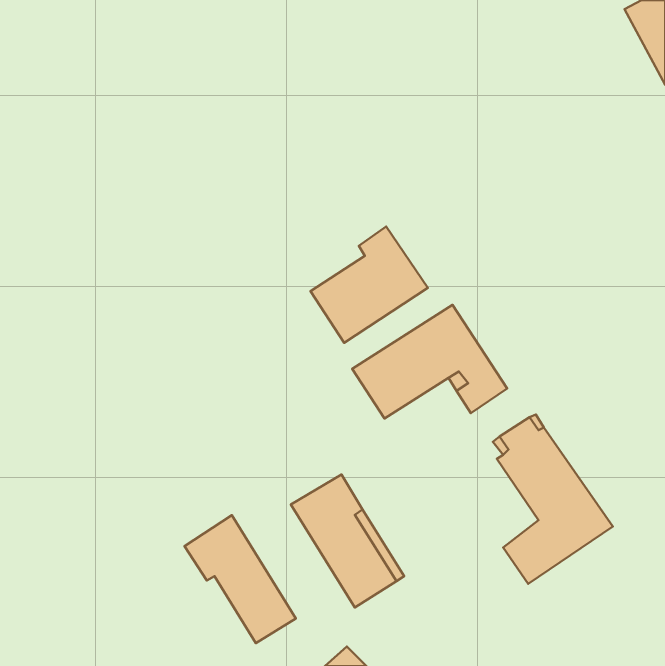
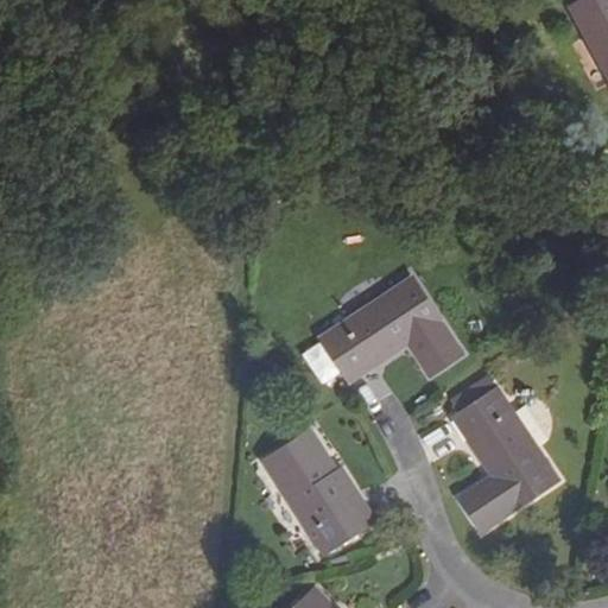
building: [311,227,428,343] -> none
building: [185,515,296,643] -> none

